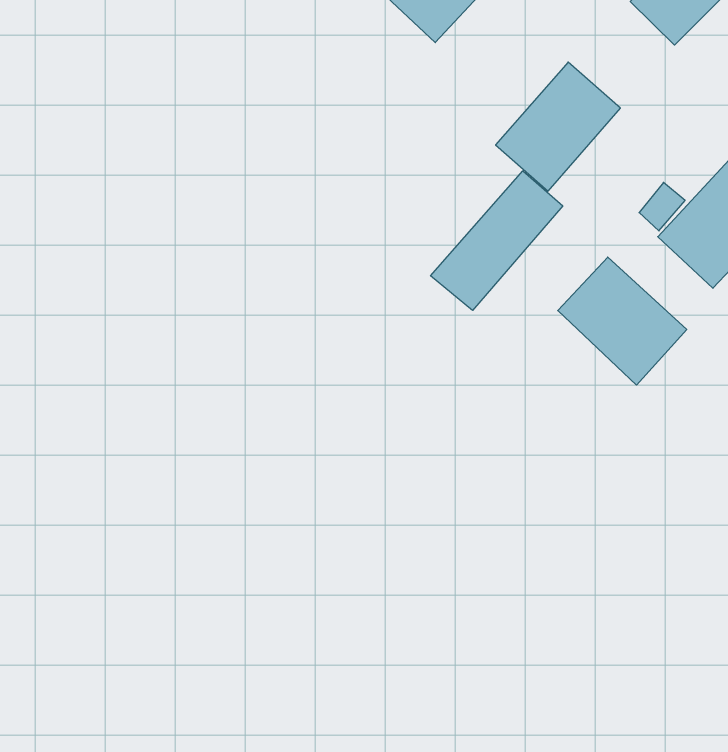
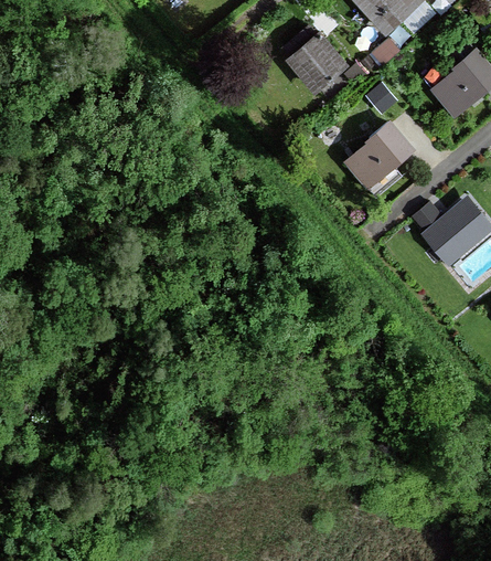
building: [431,171,563,310] -> none
building: [558,257,687,385] -> none

